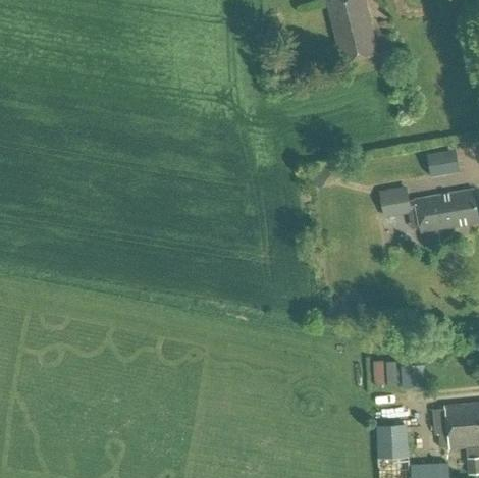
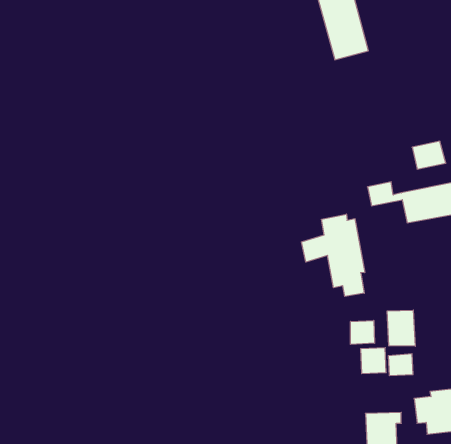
building: none -> [301,214,365,296]
building: none -> [387,310,415,346]
building: none -> [351,320,375,344]

